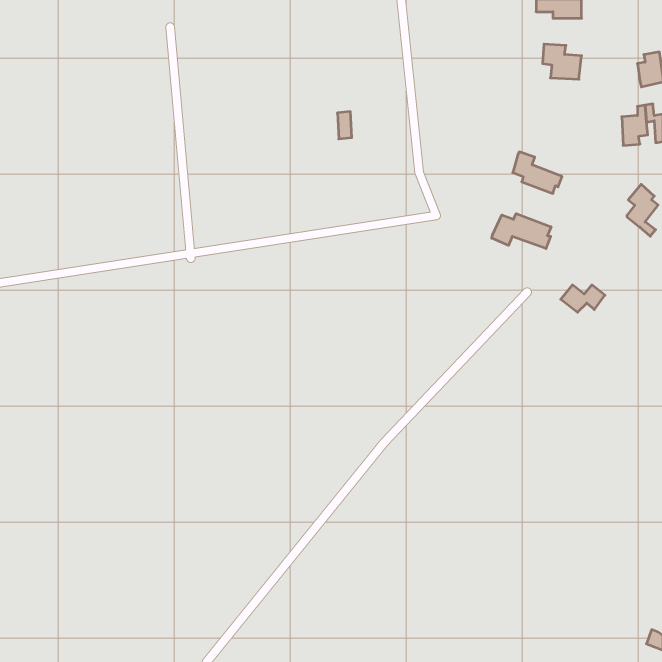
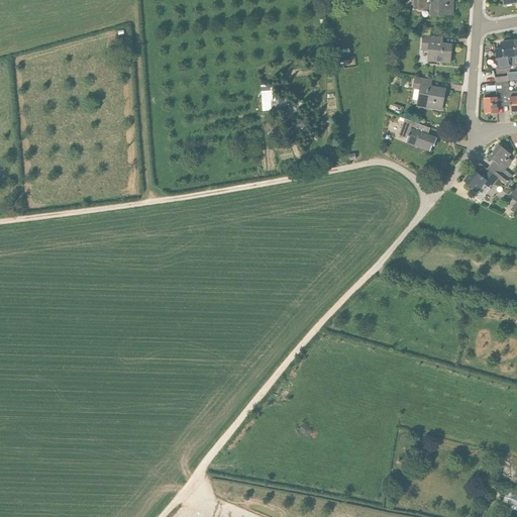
building: none -> [413,76,446,109]
building: [492,214,551,249] -> none
building: [561,285,605,312] -> [464,169,499,190]

